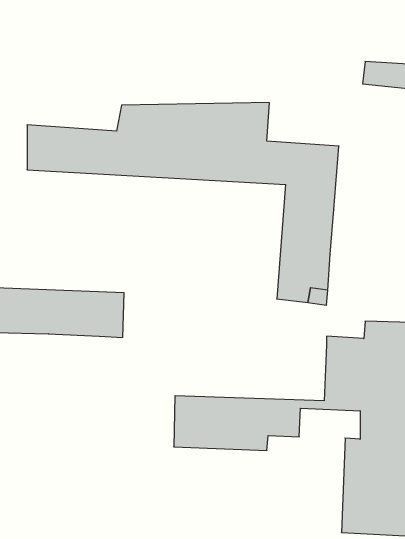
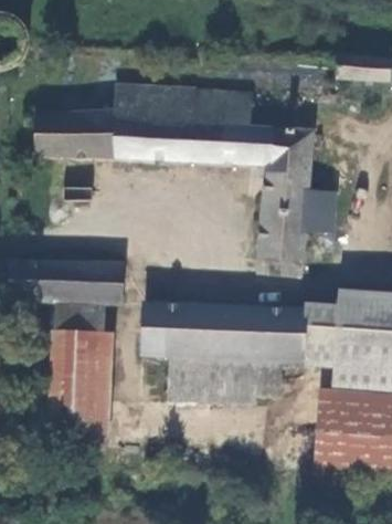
building: none -> [307,189,337,231]
building: none -> [51,300,102,444]
building: none -> [141,304,304,359]

